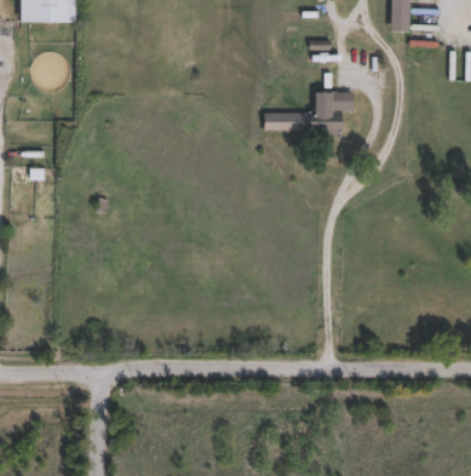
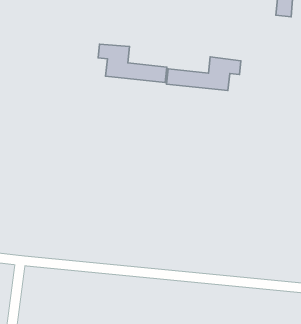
building: none -> [98,44,167,83]

